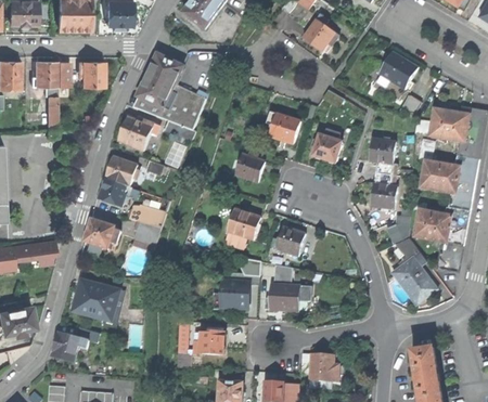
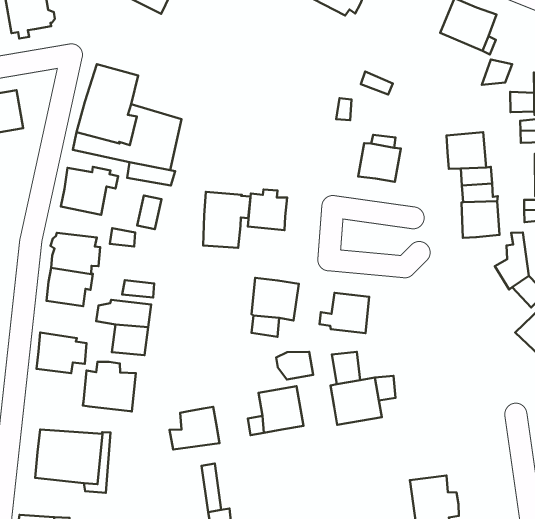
building: [266,111,300,142] -> none
building: none -> [203,192,250,248]
building: none -> [83,362,136,411]
building: [194,330,224,354] -> [170,407,220,450]

